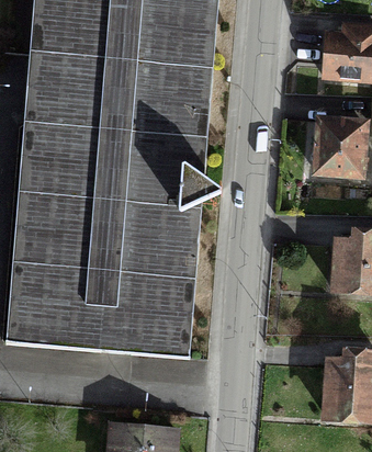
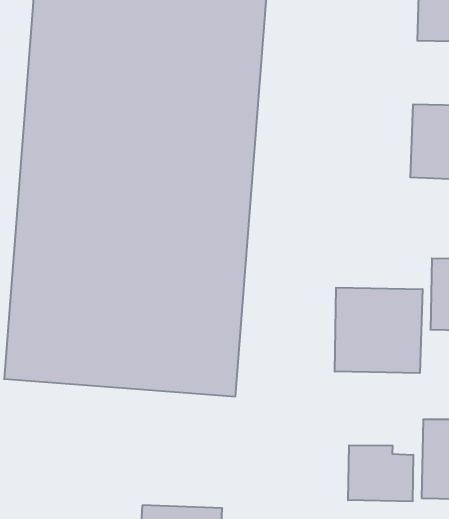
building: none -> [335,288,423,373]
building: none -> [348,445,413,501]

